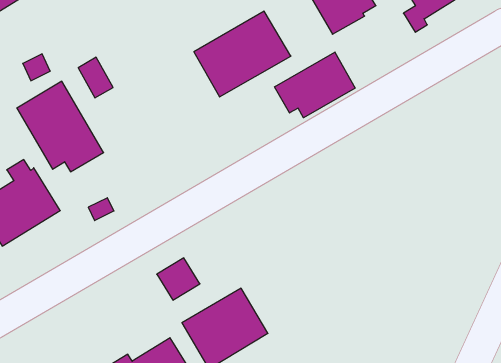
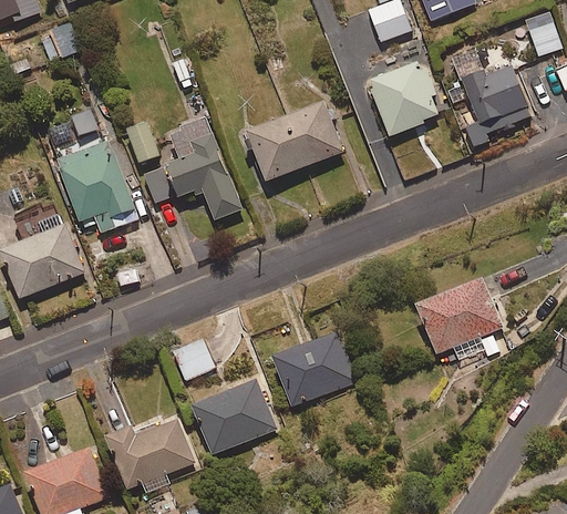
building: none -> [140,116,241,218]
building: [275,52,355,118] -> none
building: none -> [415,277,503,358]
building: none -> [274,331,357,404]

